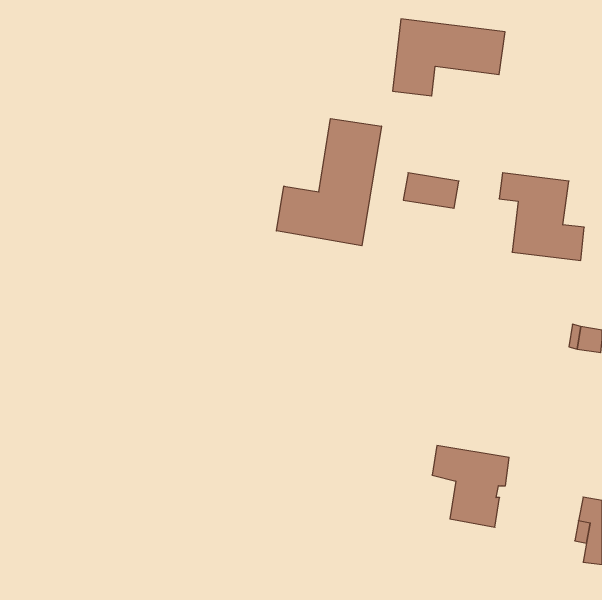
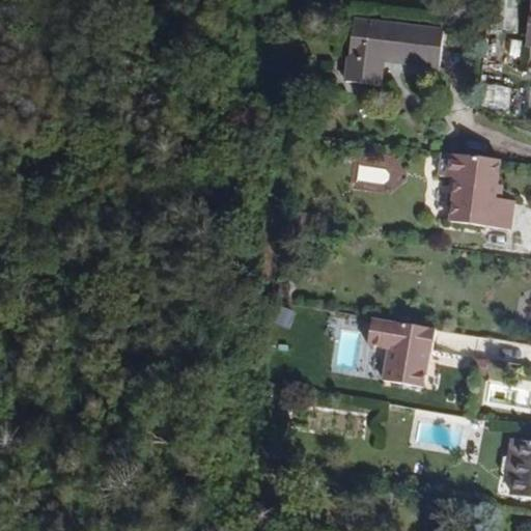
building: [276,119,381,246] -> none
building: [432,446,509,527] -> [367,316,435,388]

